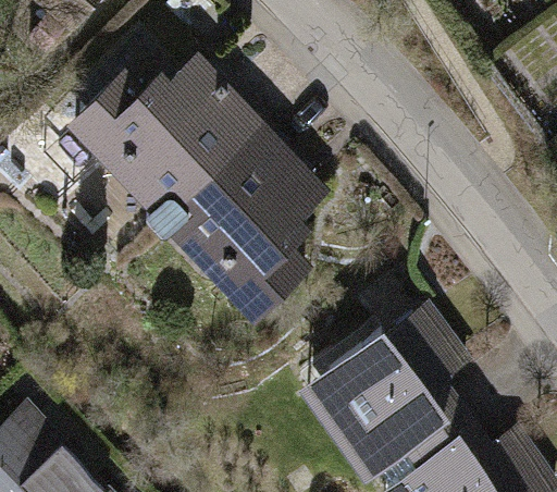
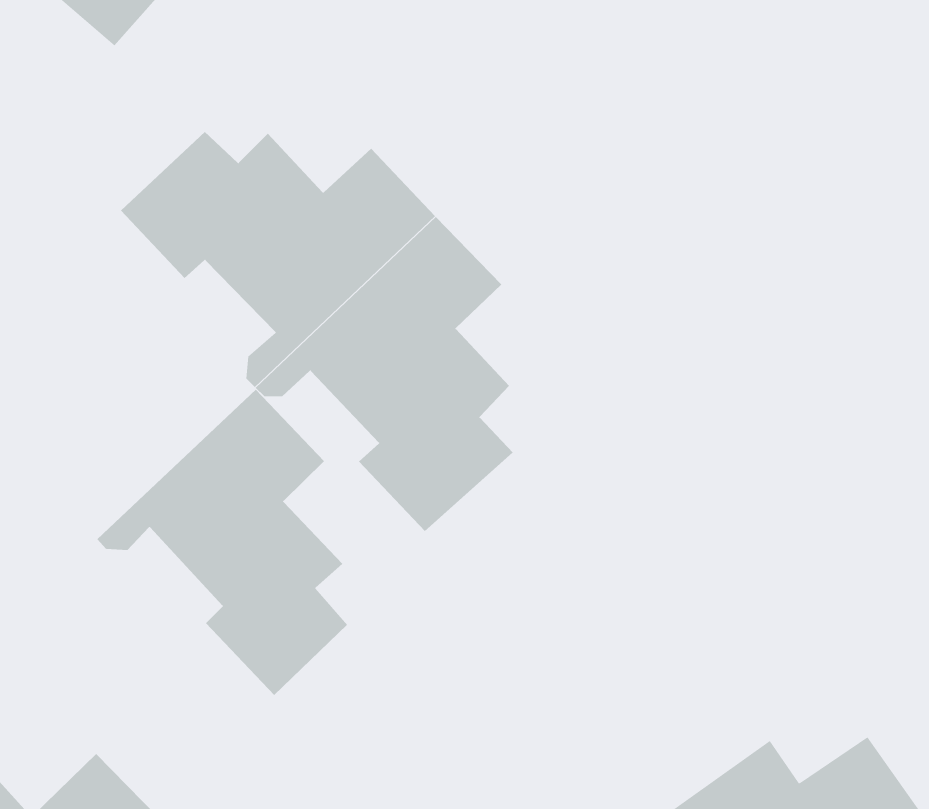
building: none -> [97,389,348,696]
building: [331,310,466,468] -> none

